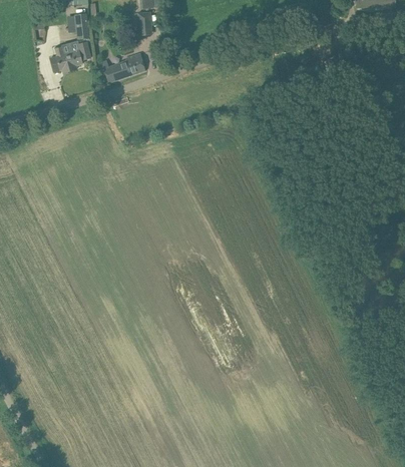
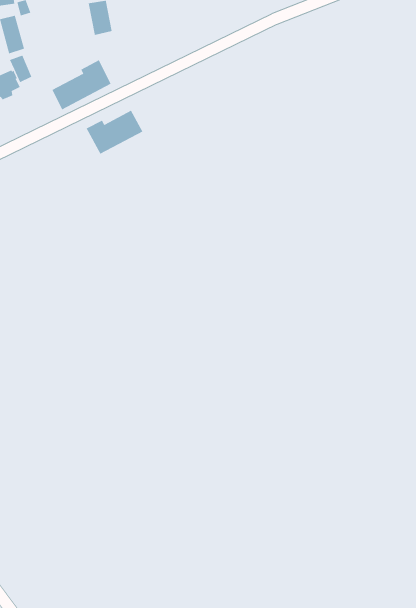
building: none -> [86,110,143,154]

